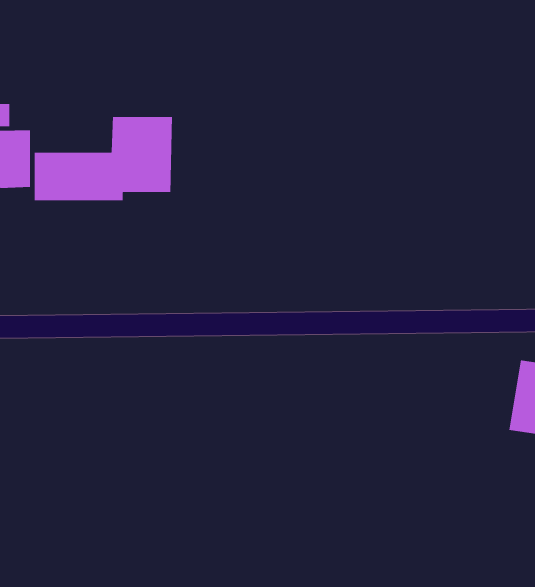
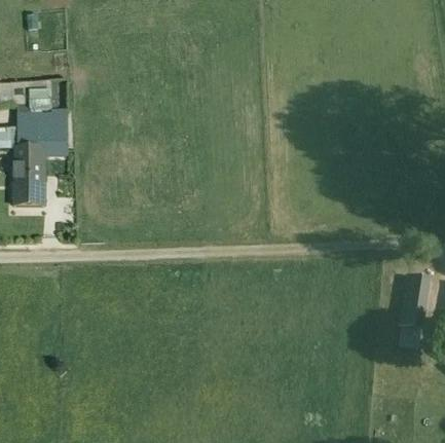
building: [34,116,172,201] -> none

